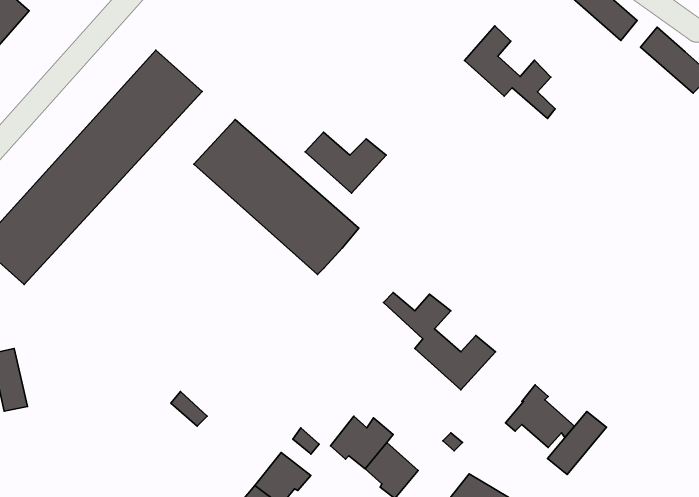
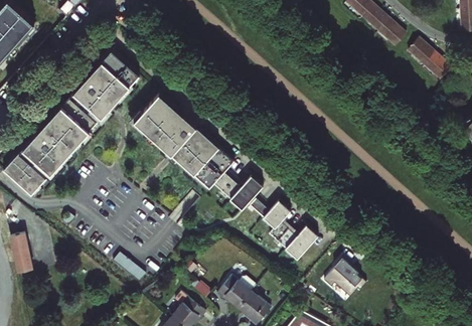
building: [464,26,555,119] -> none
building: [305,132,386,193] -> [213,172,263,209]
building: [548,411,606,474] -> none

